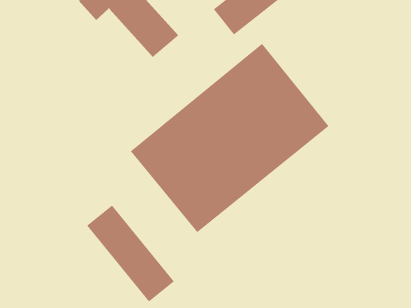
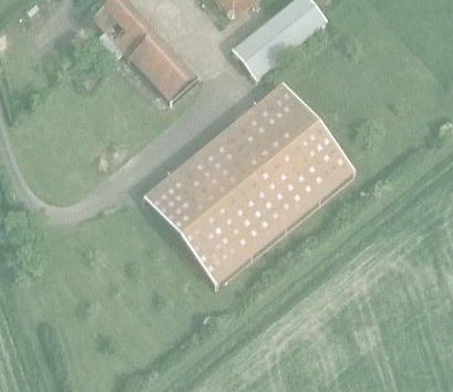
building: [86,205,175,303] -> none

